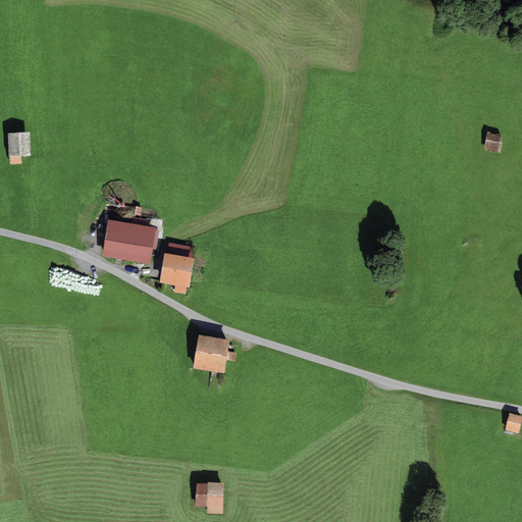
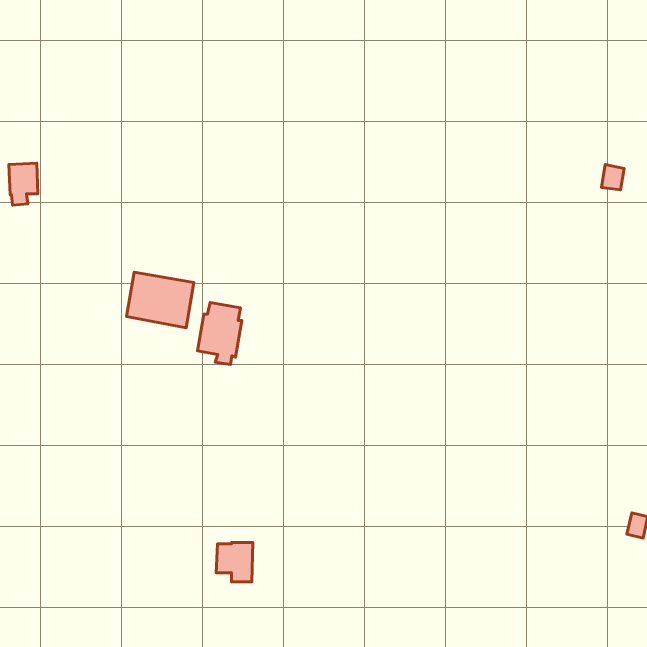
building: [193,334,238,377] -> none
building: [195,482,224,514] -> [216,543,253,582]

